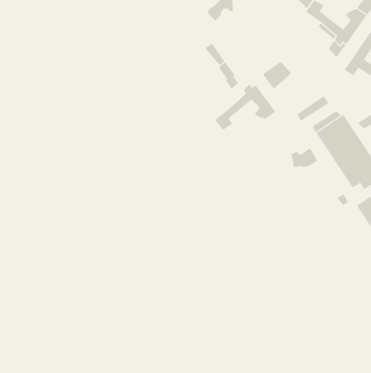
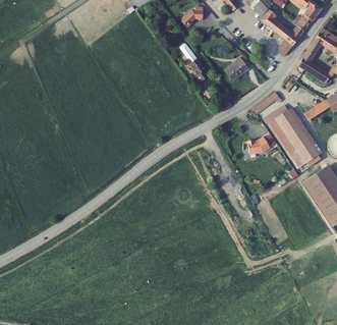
building: [215,84,276,131] -> none

